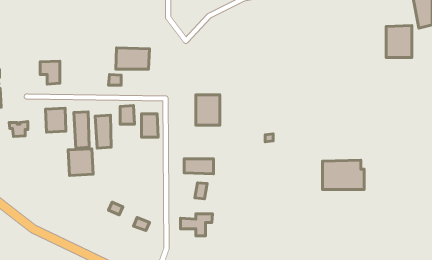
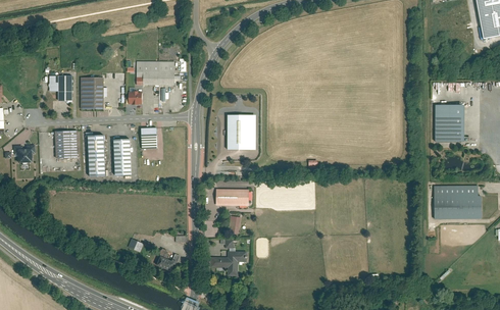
building: [386,26,412,58] -> [435,103,464,140]
building: none -> [80,79,104,109]
building: [141,114,158,137] -> none
building: [68,149,93,175] -> none
building: [322,160,364,190] -> [434,185,482,218]

